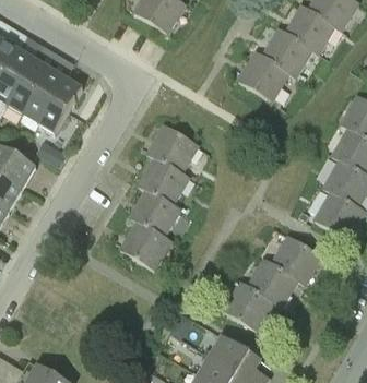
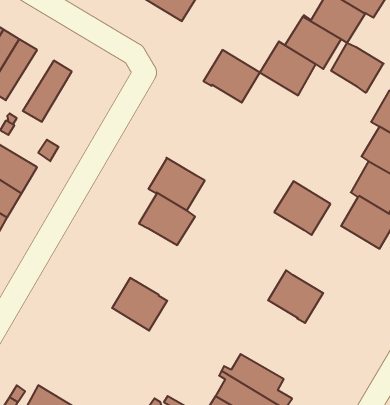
building: none -> [331,43,384,93]
building: [8,59,51,115] -> none
building: [40,79,84,134] -> none
building: [146,125,198,173] -> [203,50,260,103]
building: [121,222,171,270] -> [112,278,167,331]
building: [270,236,321,285] -> [274,181,330,235]
building: [223,282,274,331] -> none

